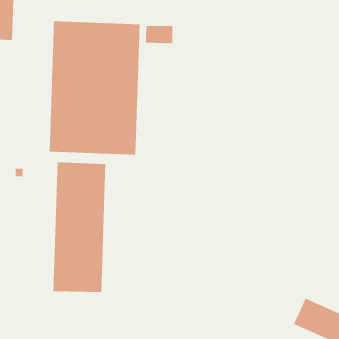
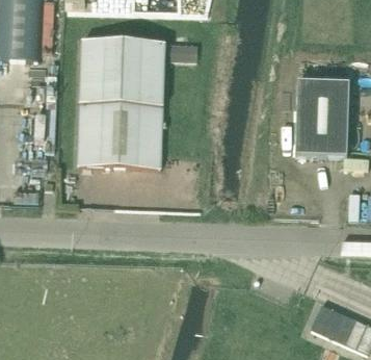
building: none -> [293,78,347,154]
building: [53,162,106,293] -> none

